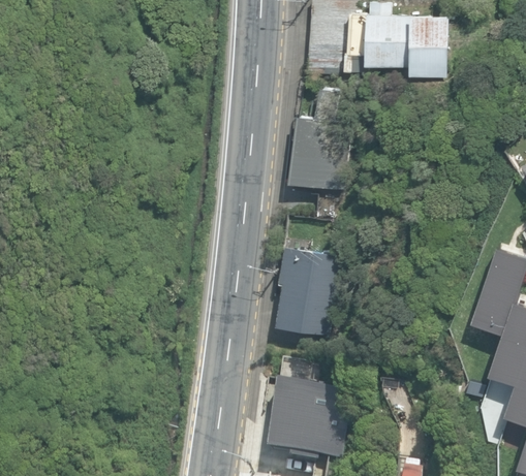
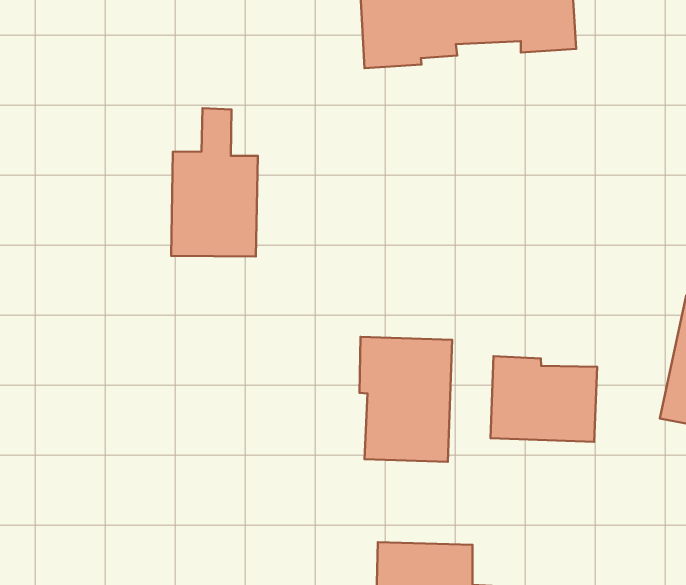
building: [288,90,352,190] -> [171,108,258,257]
building: none -> [491,356,597,442]

